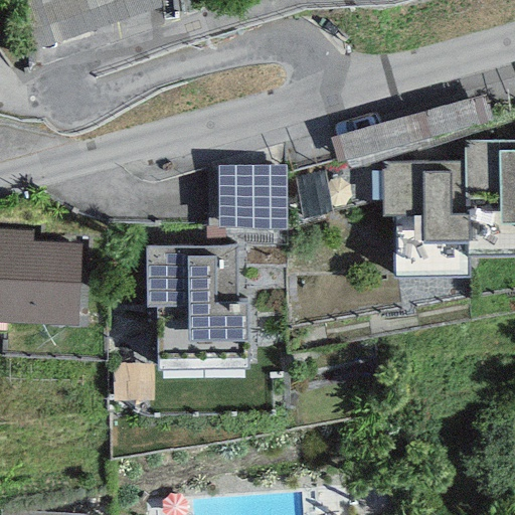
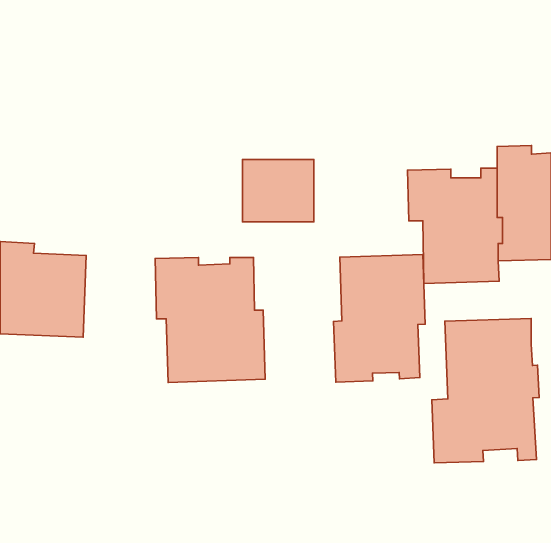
building: none -> [333,255,425,382]
building: none -> [432,319,539,463]

